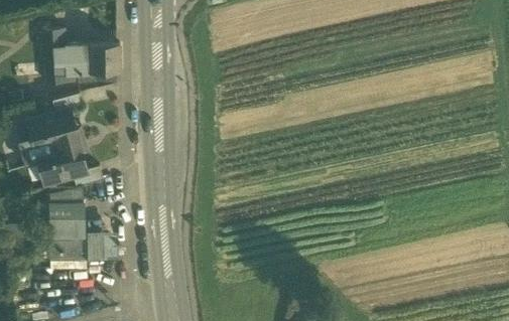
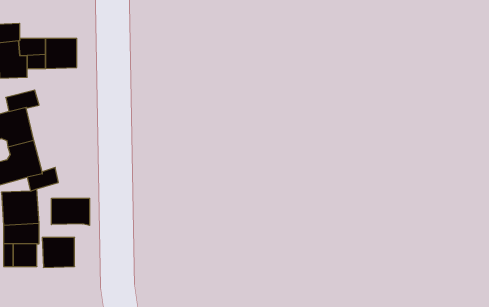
building: none -> [51,198,90,225]

